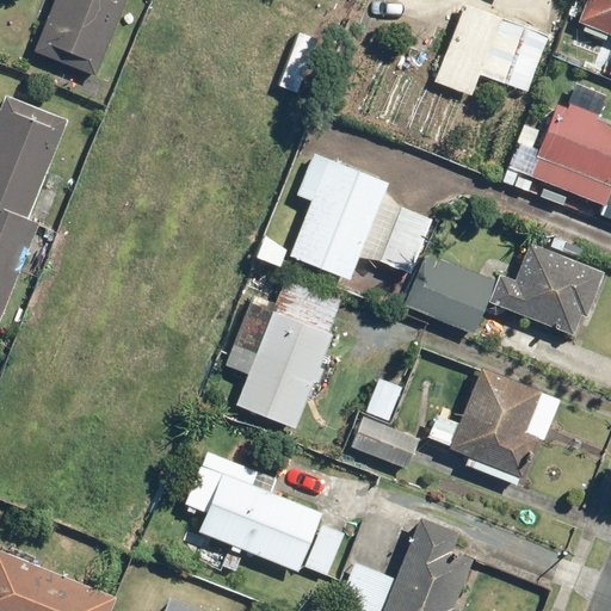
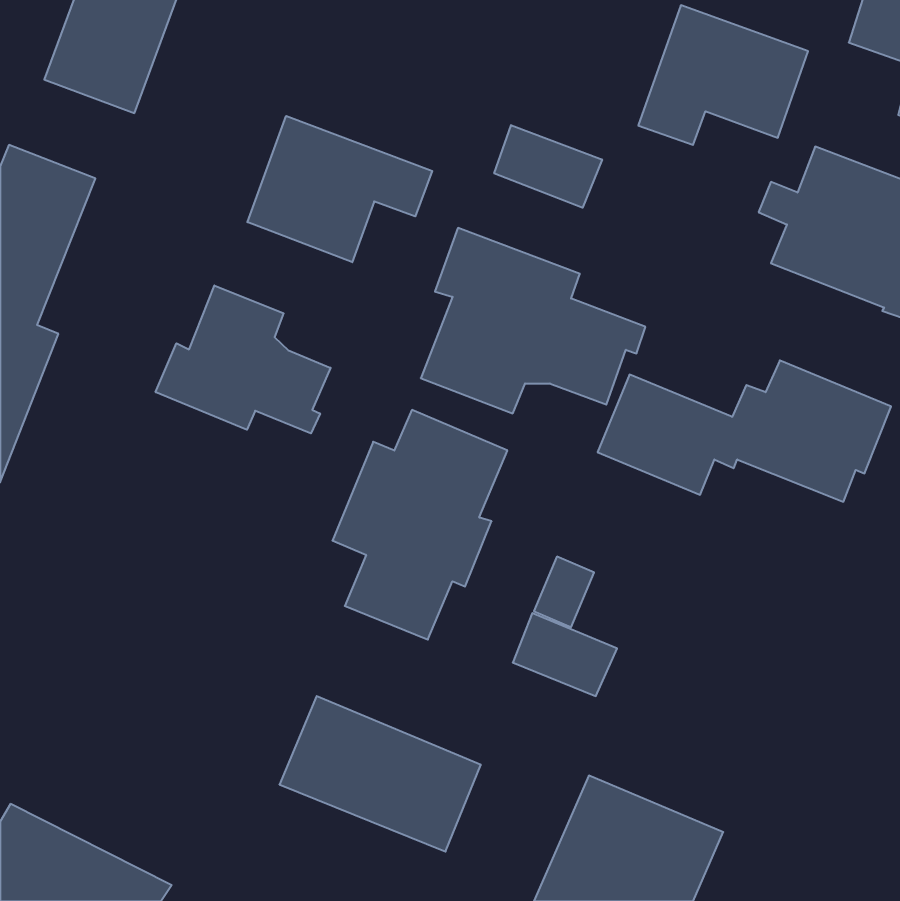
building: none -> [247,116,432,262]
building: none -> [494,125,602,208]
building: none -> [156,285,331,433]
building: [425,365,558,490] -> none

